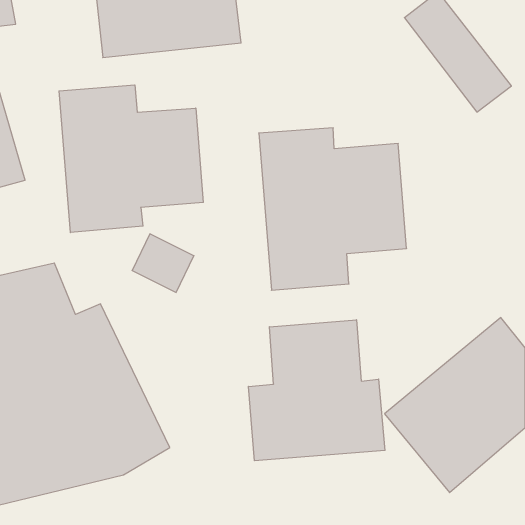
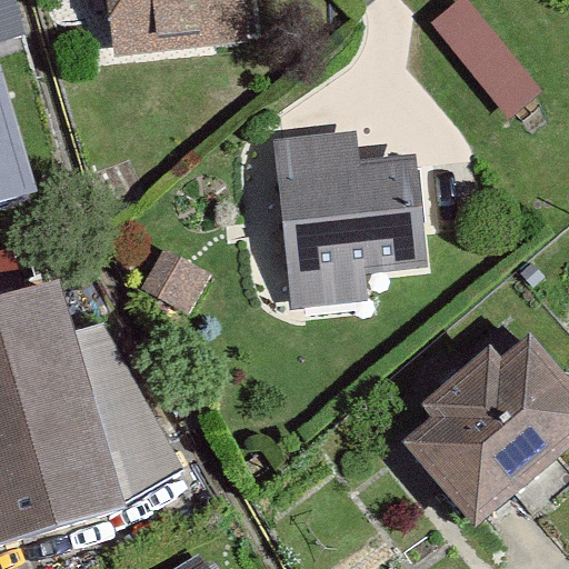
building: [59,85,203,233] -> none
building: [248,320,385,461] -> none

